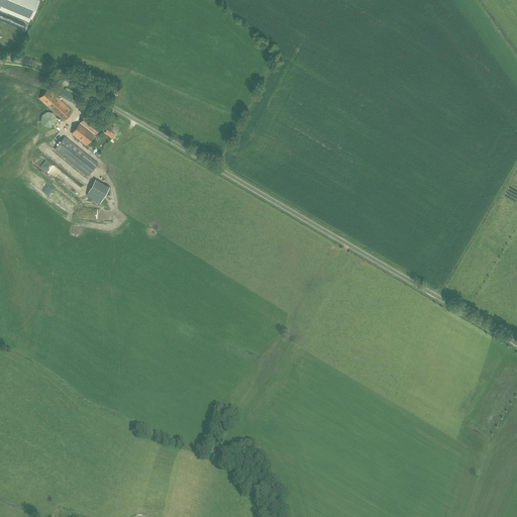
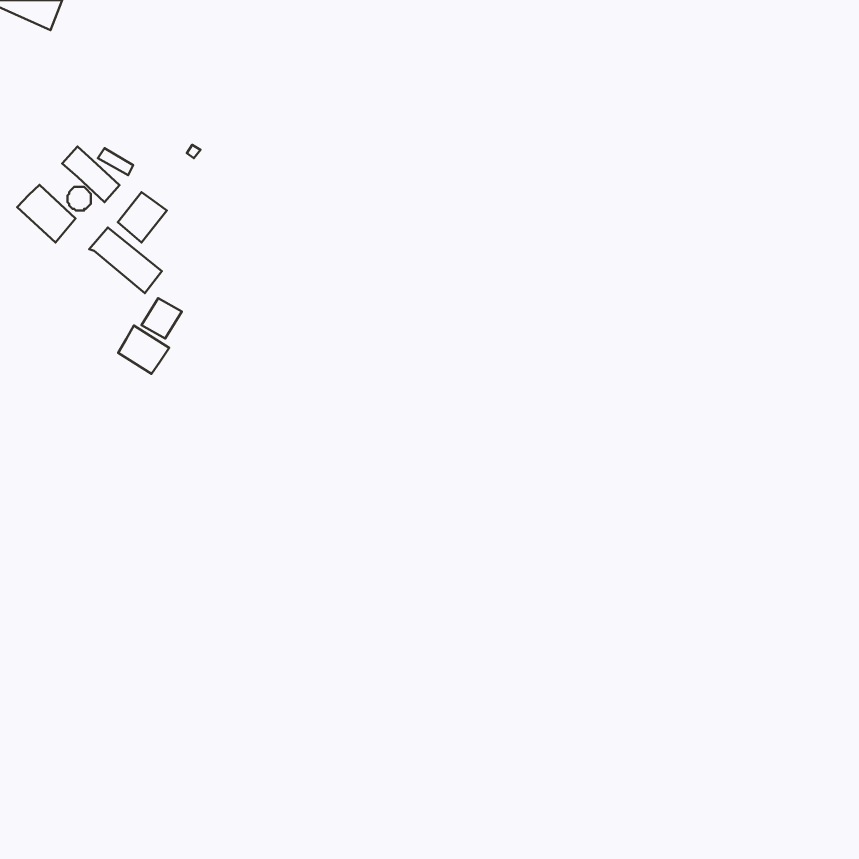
building: none -> [17,185,76,242]
building: none -> [118,326,169,374]

